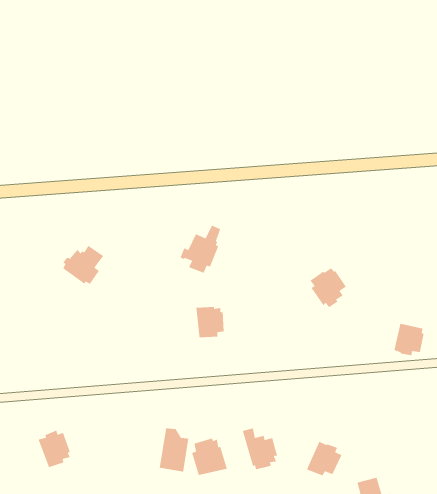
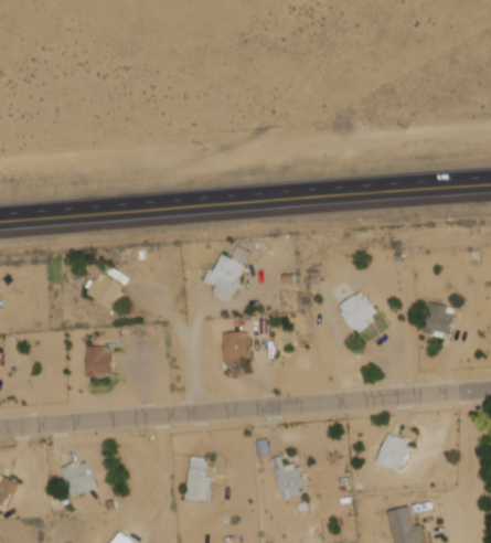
building: none -> [85,347,113,377]
building: [393,323,425,356] -> [423,304,455,338]
building: [191,437,228,476] -> none
building: [306,441,342,476] -> [374,434,412,470]

